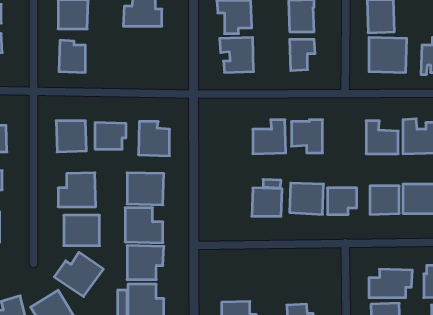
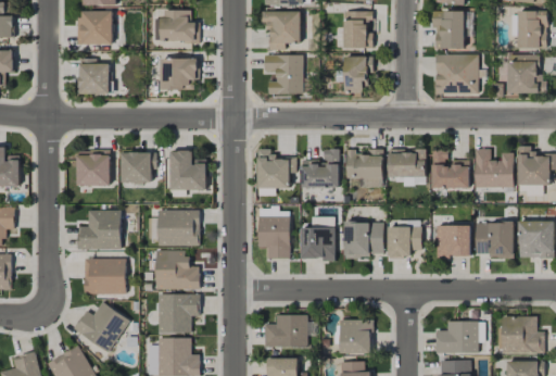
building: none -> [160,59,197,90]
building: none -> [256,149,296,188]
building: none -> [389,149,426,177]
building: none -> [257,216,290,259]
building: none -> [265,315,315,347]
building: none -> [340,319,371,353]

